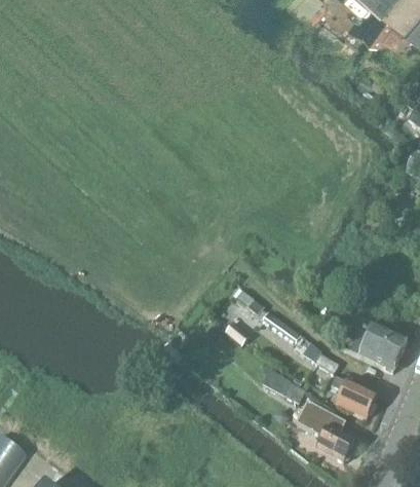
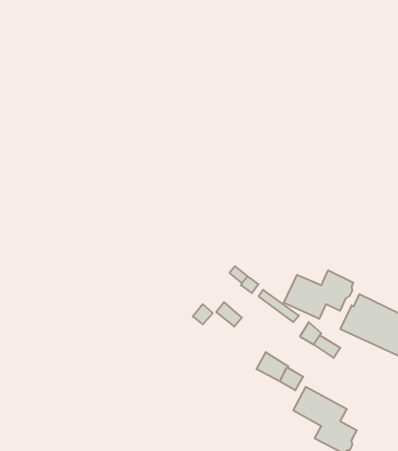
building: none -> [284,270,353,319]
building: [333,377,376,418] -> none

